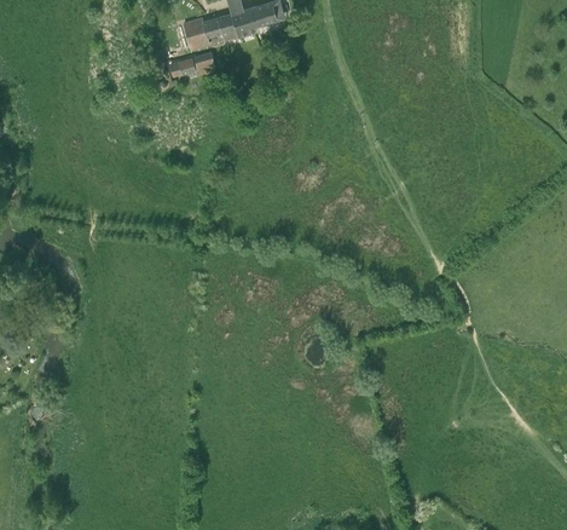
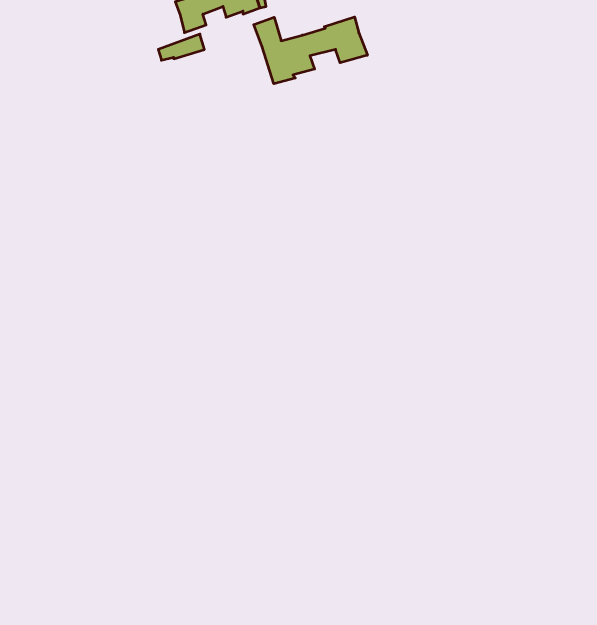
building: none -> [254,17,367,84]

